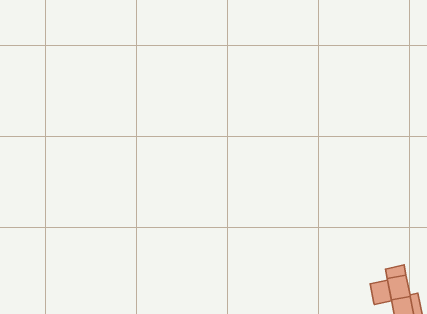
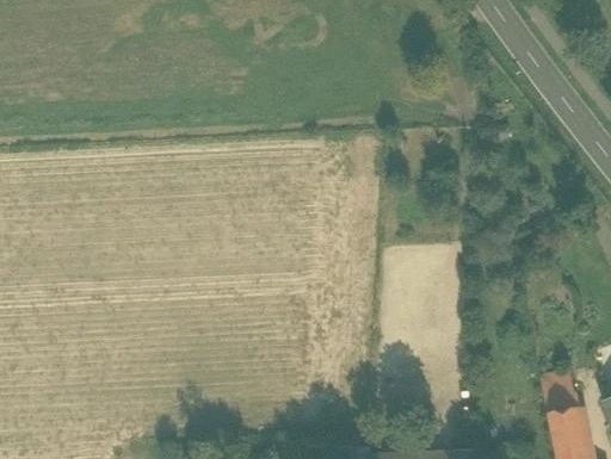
building: [370,280,392,305] -> none

